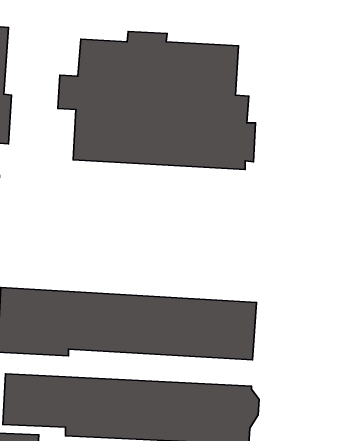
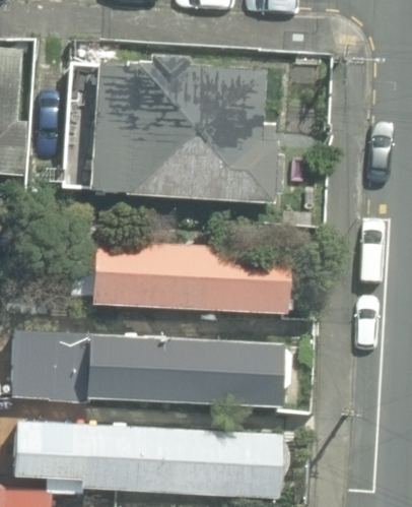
building: none -> [72,240,287,316]

